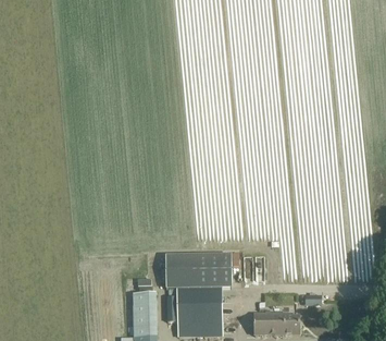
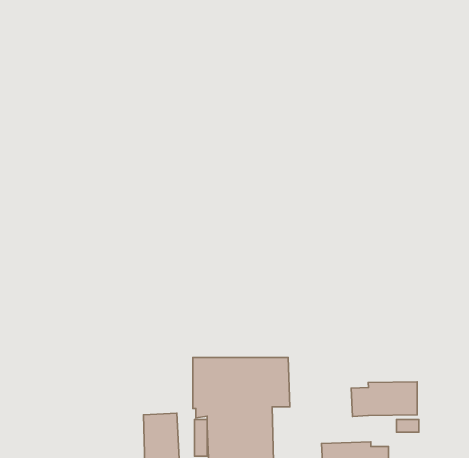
building: none -> [351,382,417,416]

